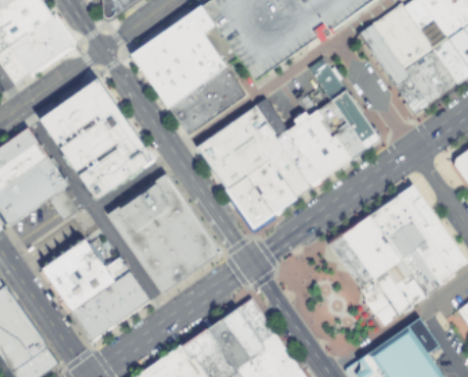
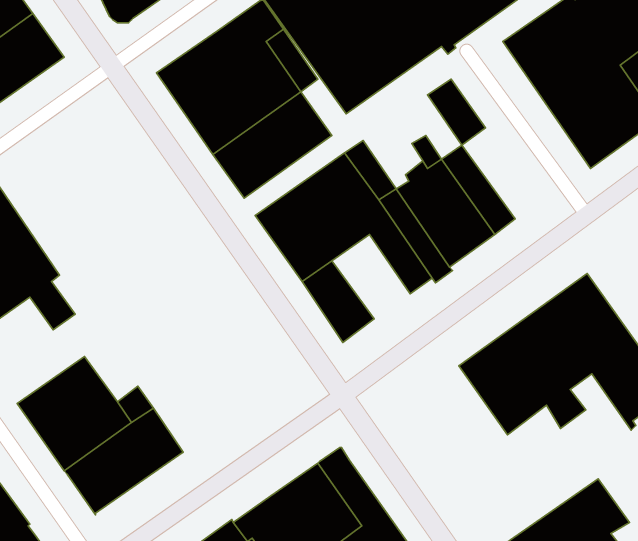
building: [40,78,154,200] -> none
building: [330,90,380,149] -> none
building: [246,159,297,214] -> none
building: [108,173,221,293] -> none
building: [360,250,440,326] -> none

